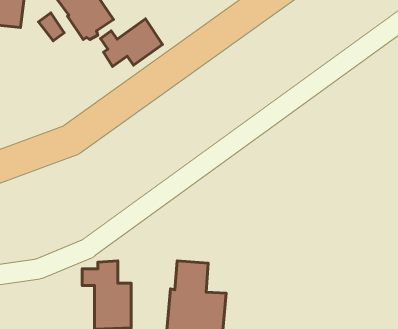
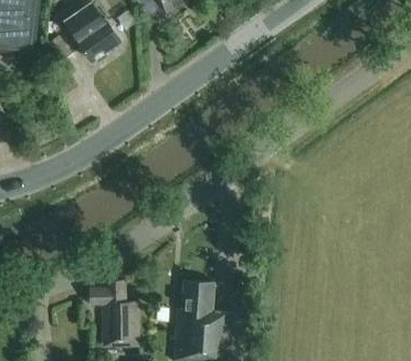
building: [100,19,163,66] -> none

